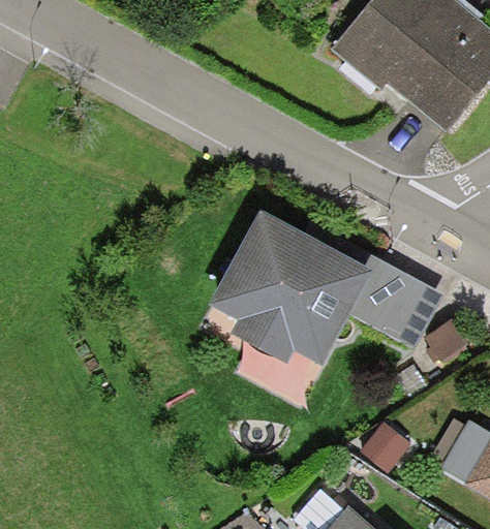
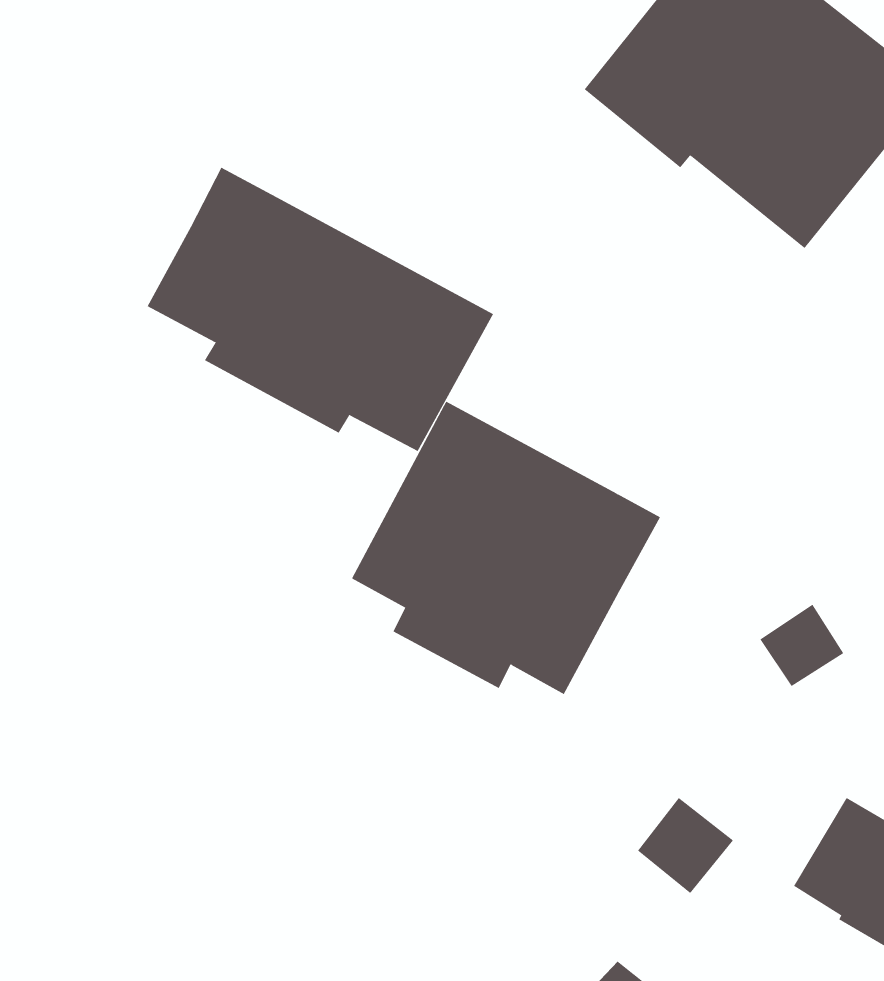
building: none -> [147,167,494,452]
building: [349,247,442,346] -> none

